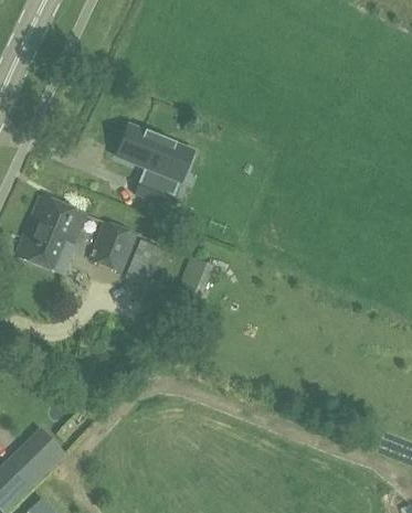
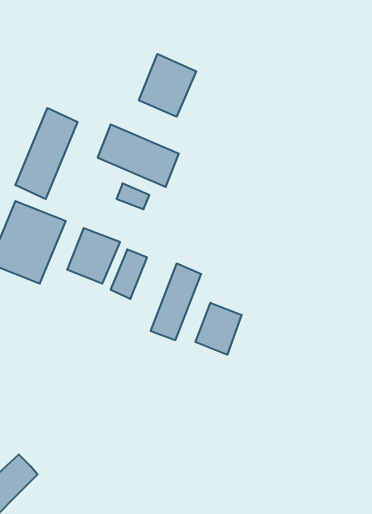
building: none -> [139,54,196,117]
building: none -> [15,108,77,199]
building: none -> [195,303,242,355]

